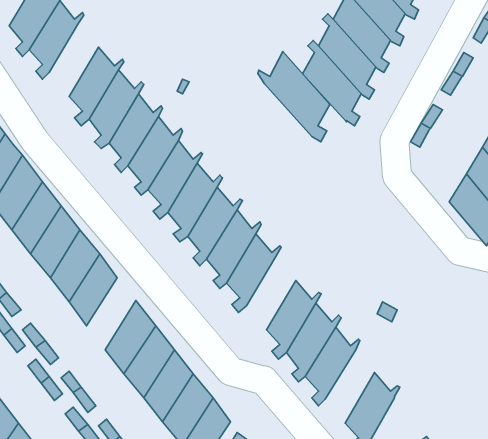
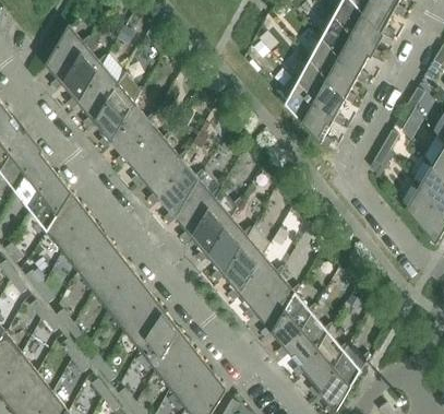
building: none -> [77,62,122,128]
building: [258,52,330,142] -> none
building: none -> [239,253,284,318]
building: none -> [108,271,148,330]
building: none -> [303,330,348,394]

